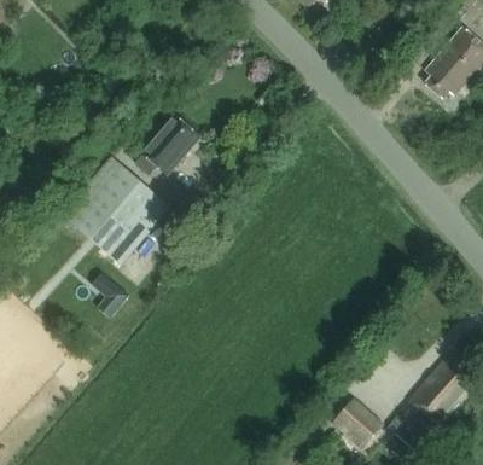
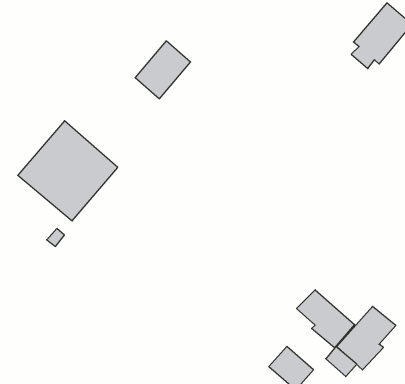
building: [140,115,200,178] -> [135,41,191,99]
building: none -> [297,290,355,348]

